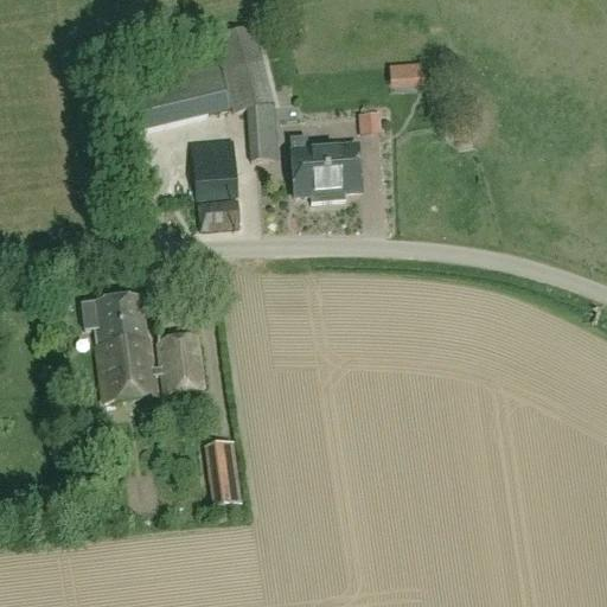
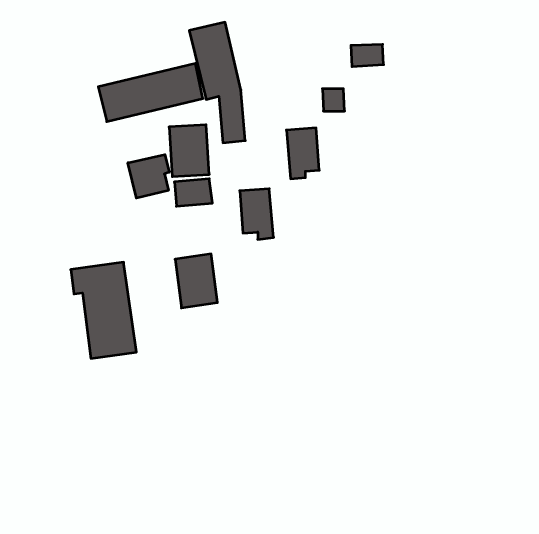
building: [289,146,327,203] -> [240,189,274,239]
building: none -> [128,155,169,198]
building: [155,333,203,394] -> [175,254,217,308]
building: [205,440,242,506] -> none

